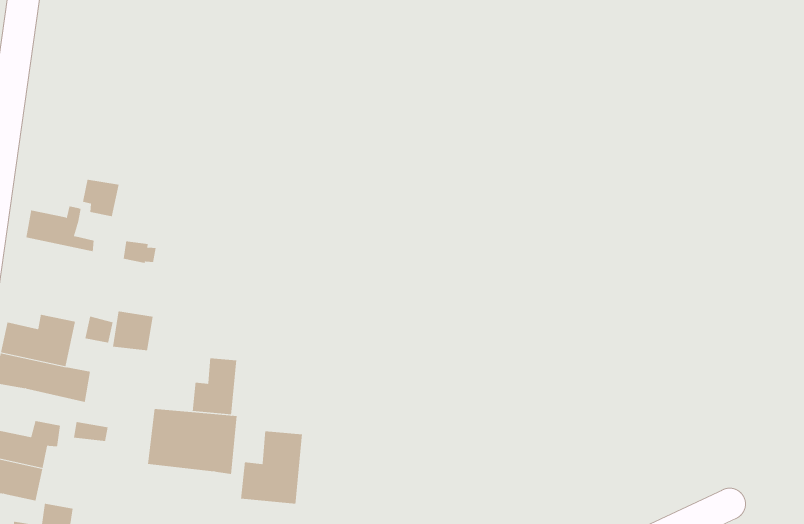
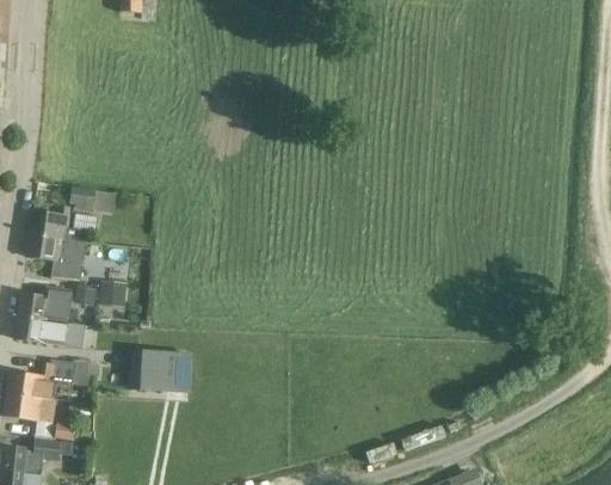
building: none -> [27,232,84,282]
building: [192,357,237,415] -> none
building: [241,431,302,505] -> none

